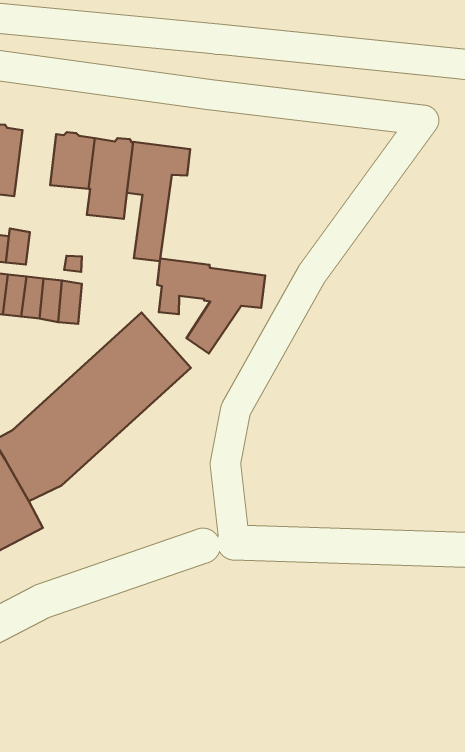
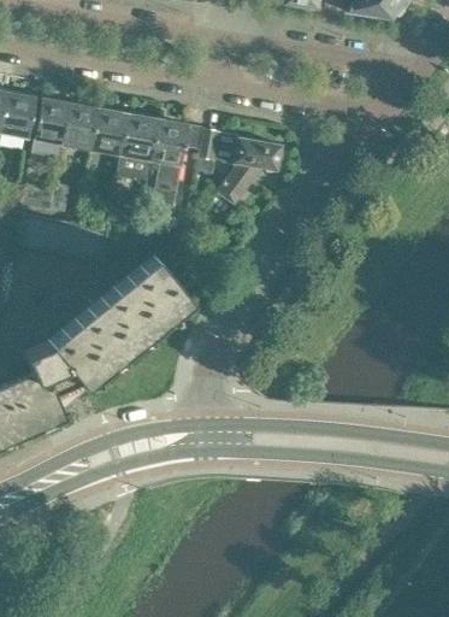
building: none -> [61,105,95,149]
building: [157,259,265,354] -> [196,128,282,205]

